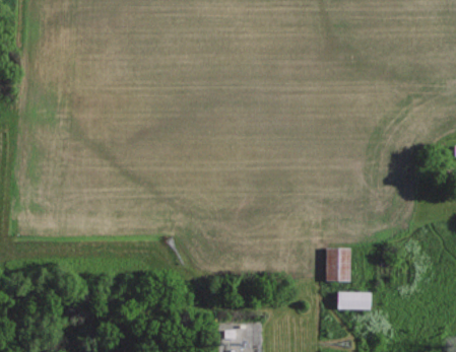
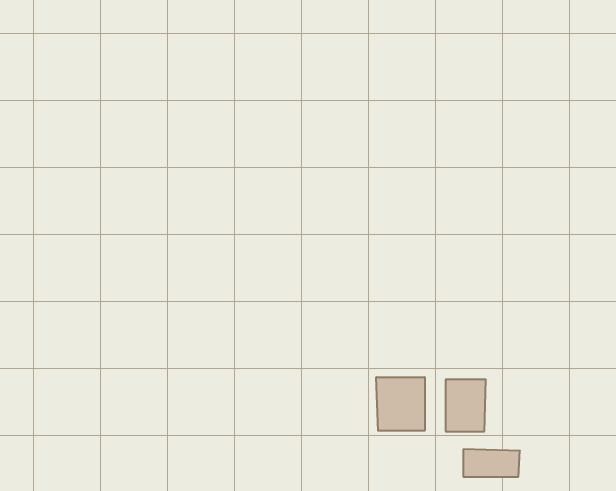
building: none -> [376,377,425,431]

